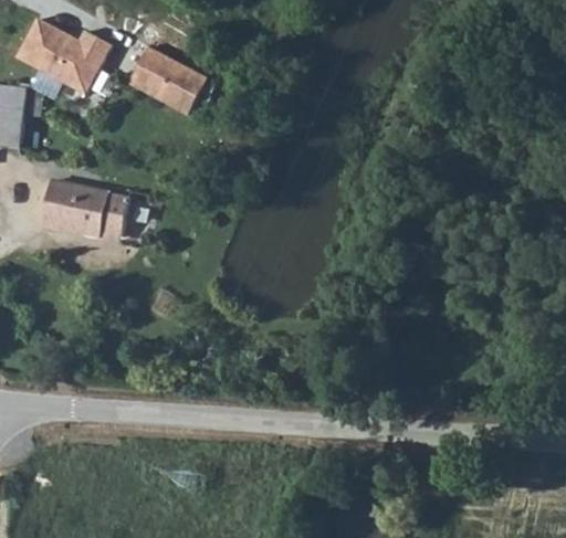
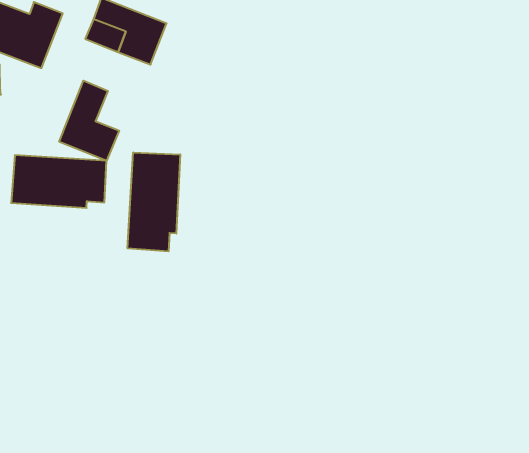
building: none -> [59,81,119,161]
building: none -> [128,152,180,251]

